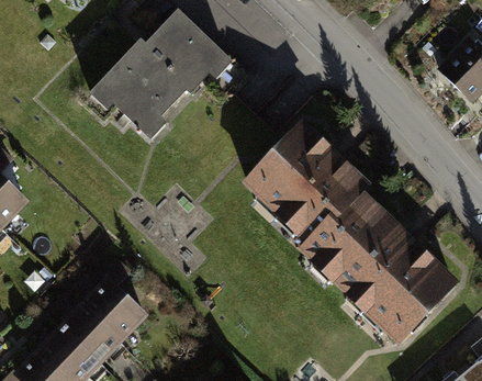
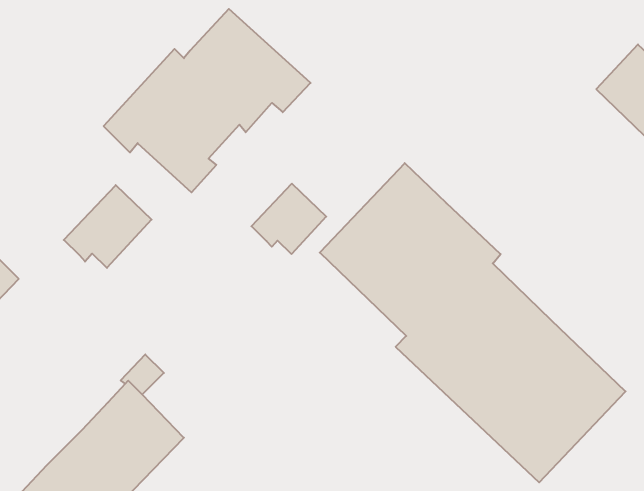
building: none -> [251,184,326,254]
building: none -> [64,185,152,268]

